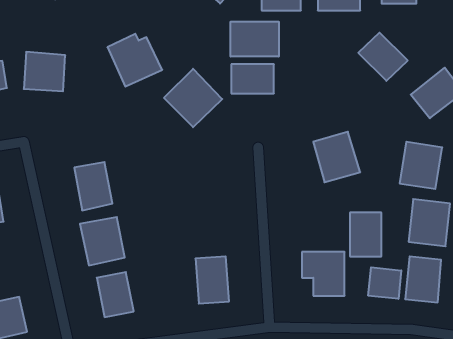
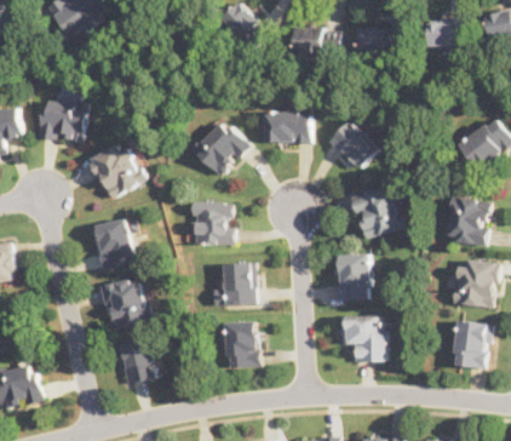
building: [231,22,279,57] -> none
building: [358,33,408,81] -> [326,119,379,171]
building: [107,34,162,87] -> [87,143,147,200]
building: none -> [189,202,232,246]
building: none -> [213,263,256,305]
building: [350,213,381,256] -> [337,253,371,300]
building: [368,267,401,299] -> none

